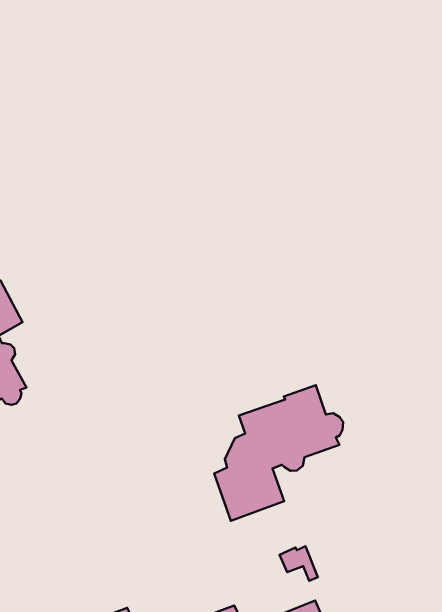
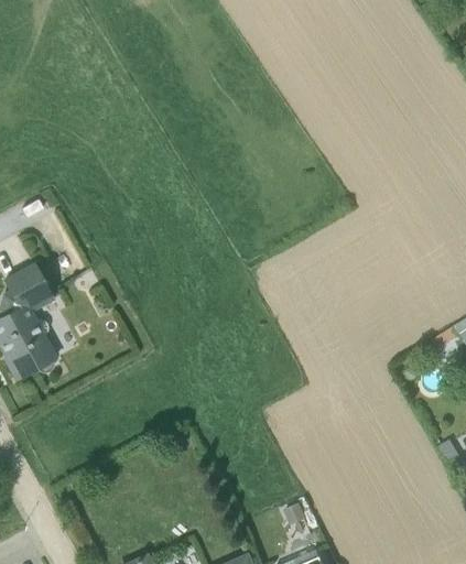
building: [214,385,343,521] -> none

